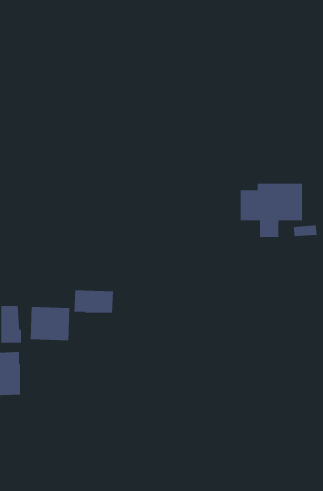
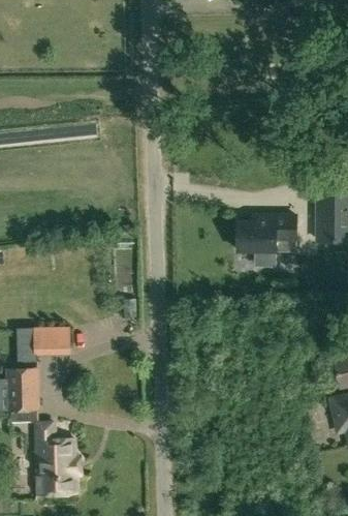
building: [73,290,114,314] -> none
building: none -> [35,424,80,494]

